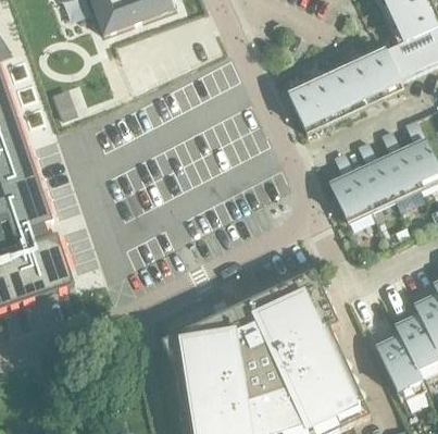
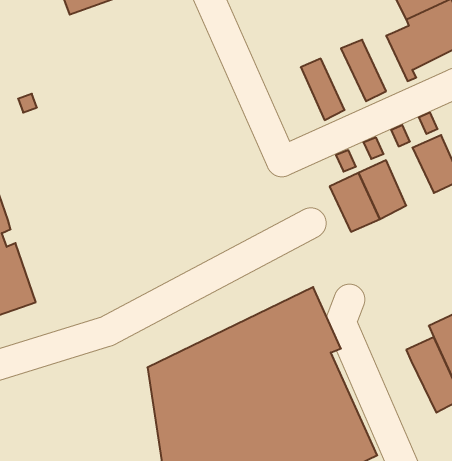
building: [356,46,396,99] -> none
building: [321,62,360,115] -> none
building: [285,78,324,133] -> none
building: [377,148,418,198] -> none
building: [375,333,426,399] -> none

